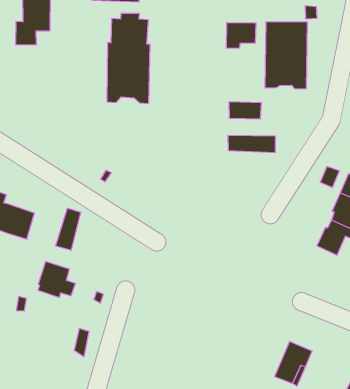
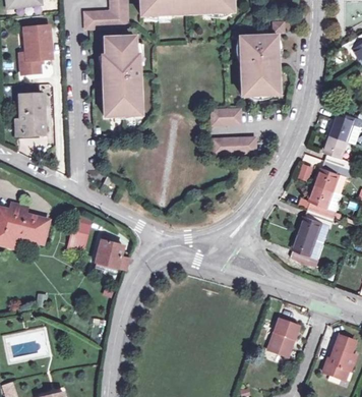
building: [227,22,256,48] -> none
building: none -> [20,95,44,134]
building: none -> [291,232,318,266]
building: [38,262,76,297] -> [97,240,129,271]

